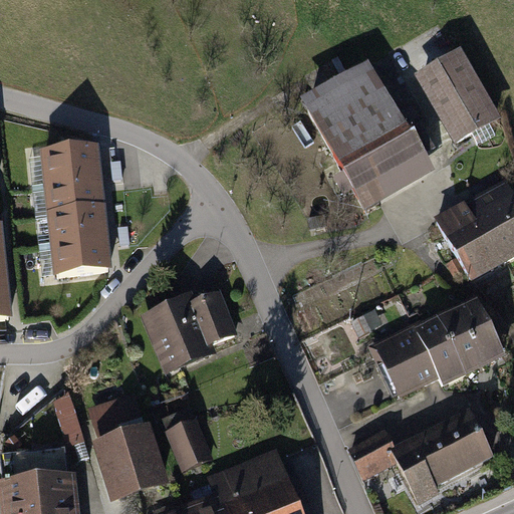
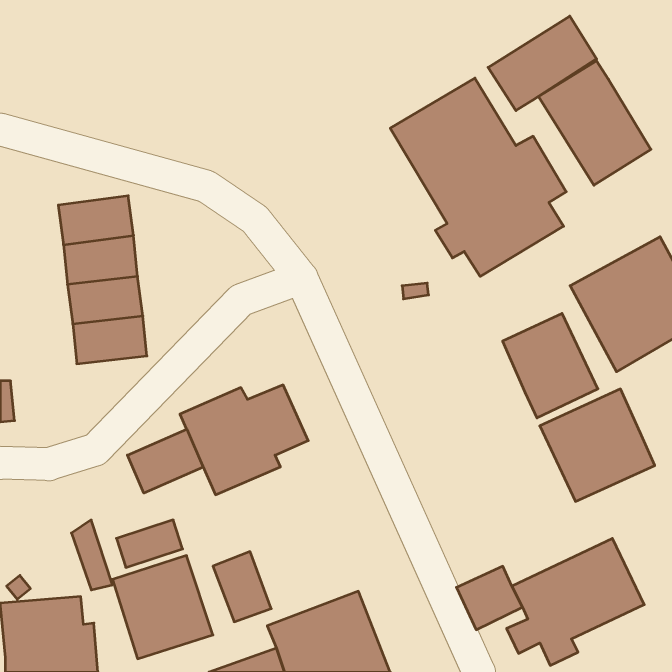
building: none -> [488,16,597,111]
building: [367,323,440,403] -> [503,313,598,418]
building: none -> [127,429,203,493]

